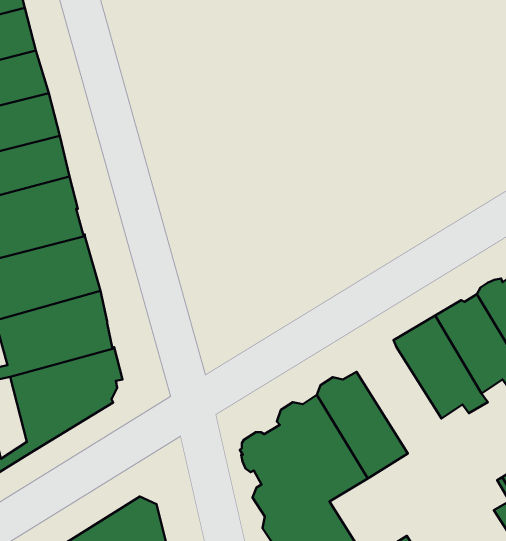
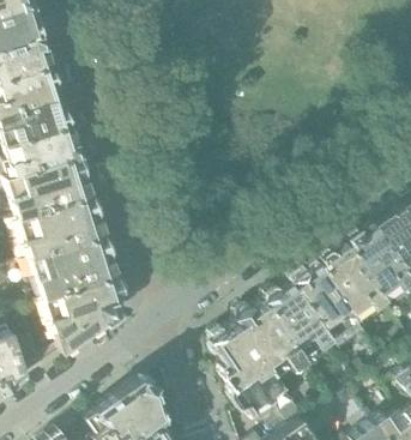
building: none -> [291,264,358,339]

